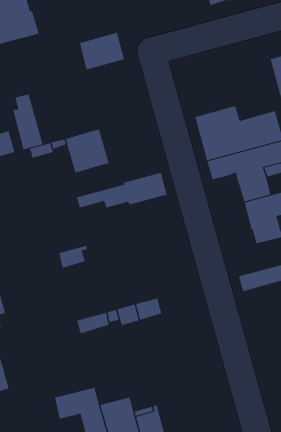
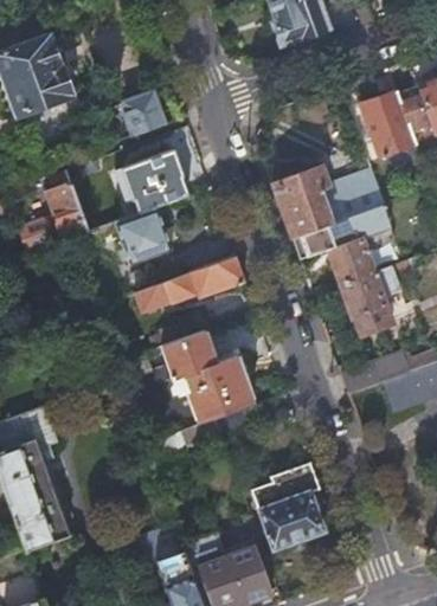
building: none -> [116,152,189,213]
building: none -> [162,331,252,423]
building: none -> [250,462,323,550]

